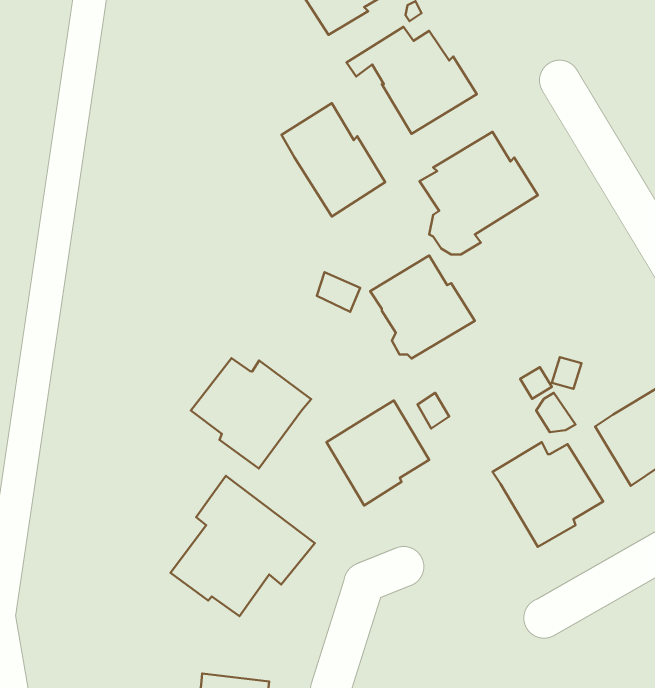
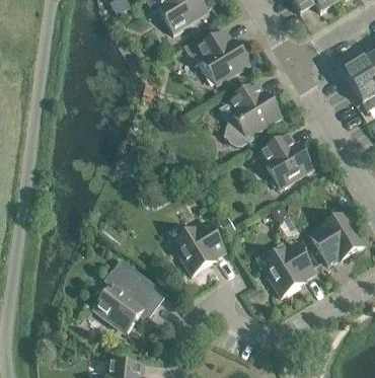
building: [281,103,385,216] -> none
building: [370,256,475,358] -> [258,134,312,186]
building: [191,358,311,468] -> none

